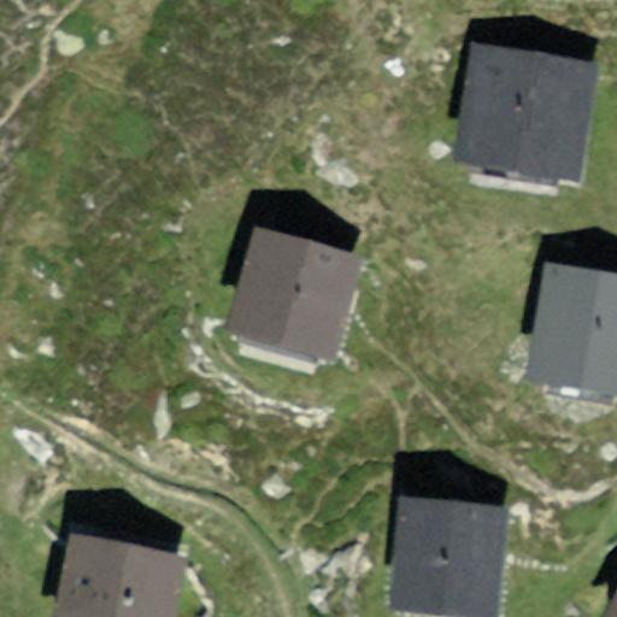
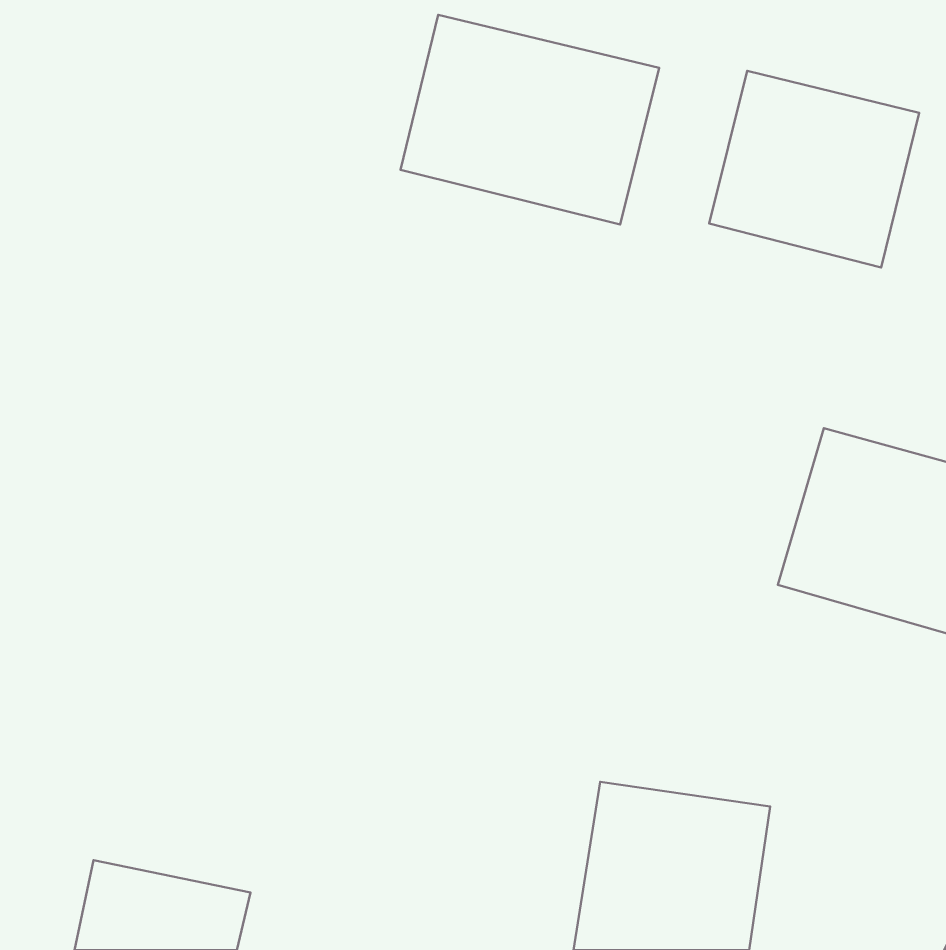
building: none -> [400,15,659,225]
building: [233,237,360,364] -> none

